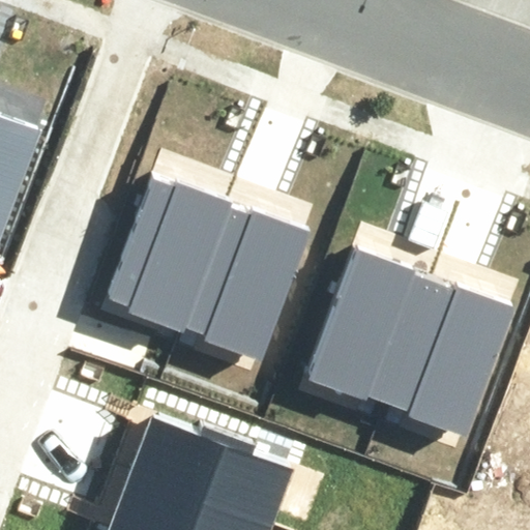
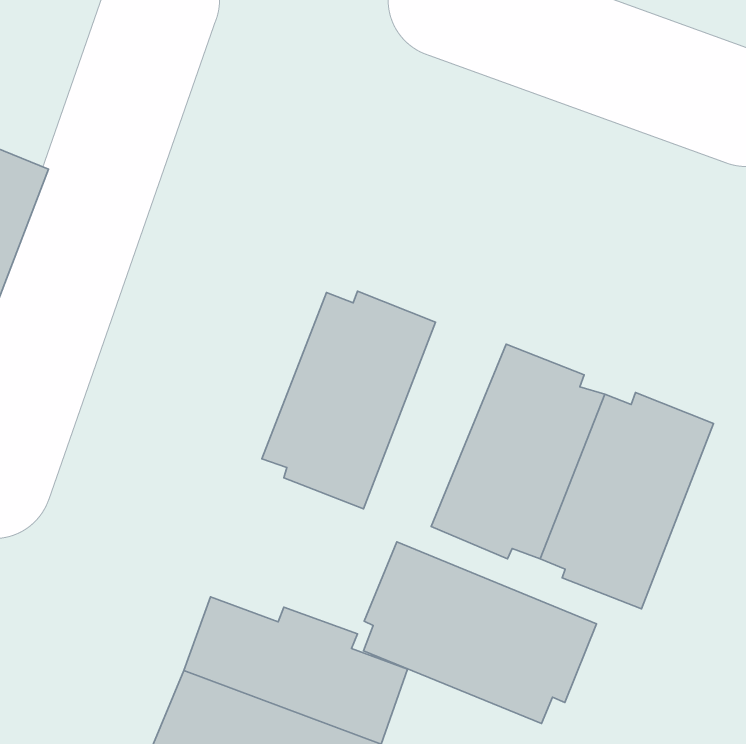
building: [108,176,230,328] -> none
building: none -> [363,542,597,724]

